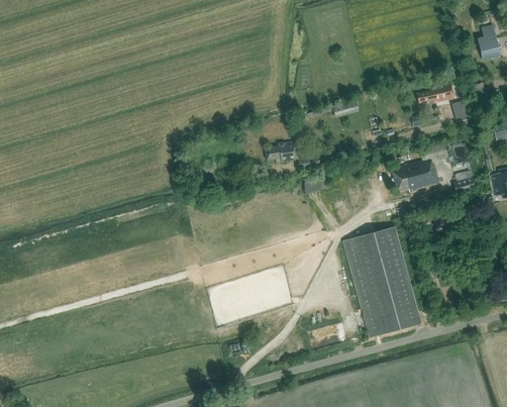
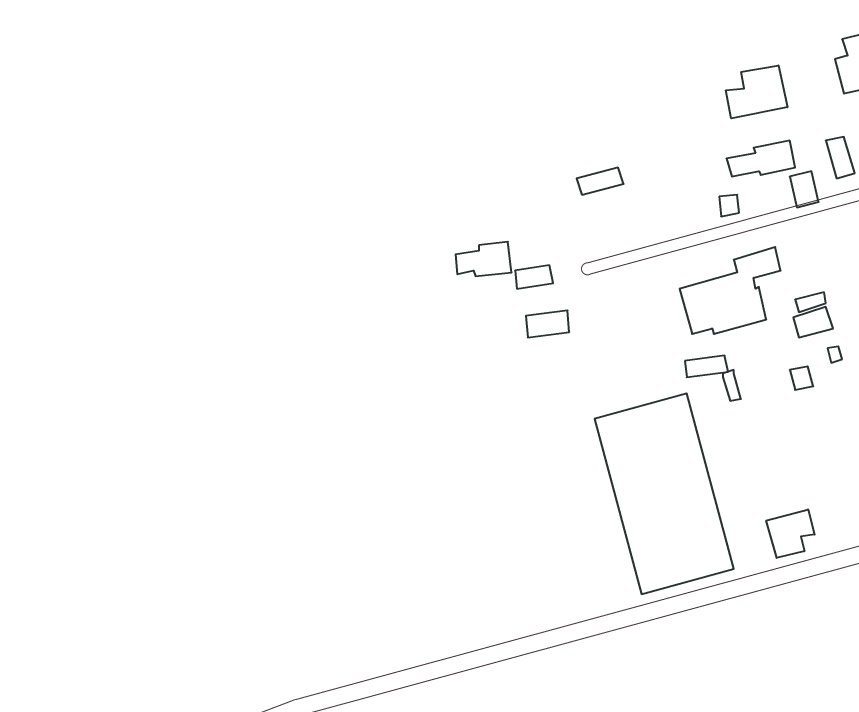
building: none -> [726,65,787,118]
building: none -> [766,509,815,558]

